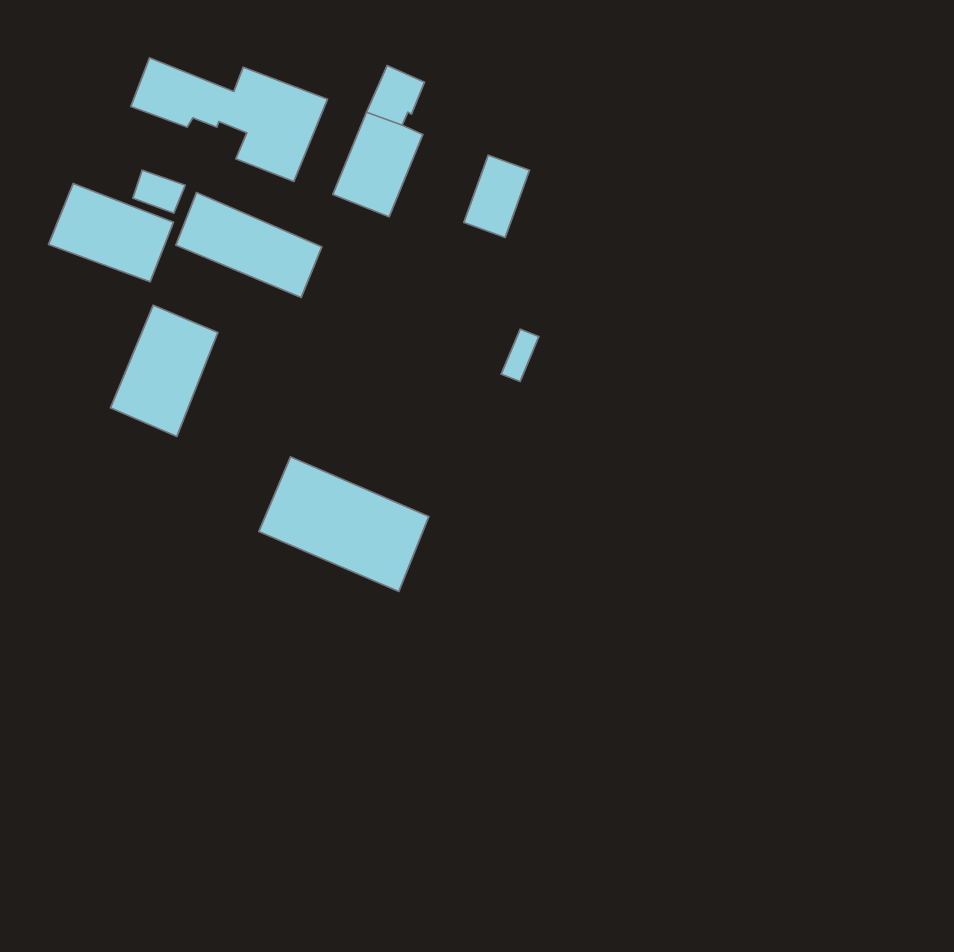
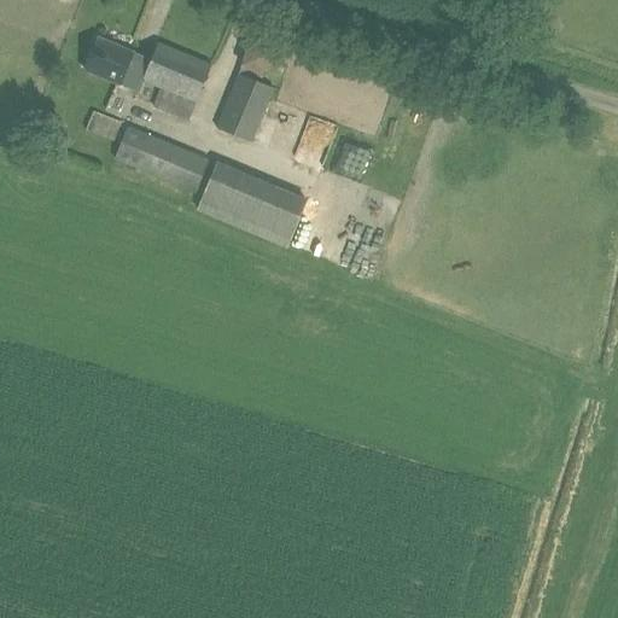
building: [48,183,174,282] -> none
building: [110,305,218,437] -> none
building: [259,457,429,591] -> [196,159,305,246]

